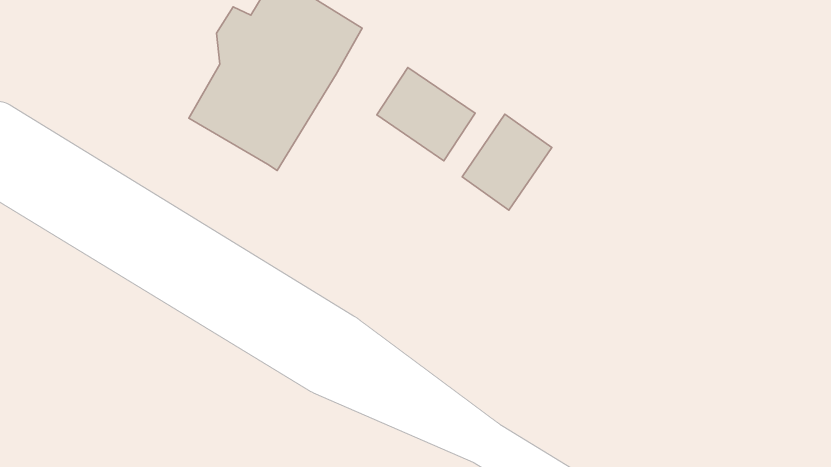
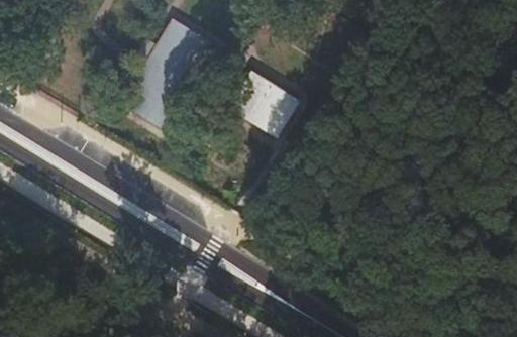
building: [462,114,552,210] -> none

